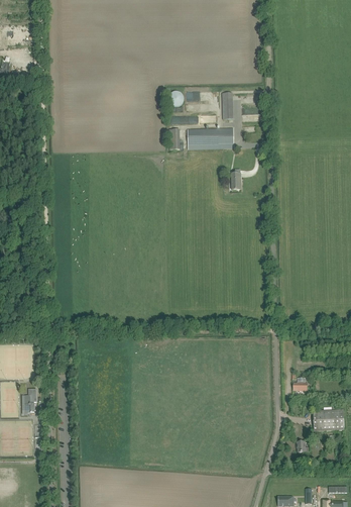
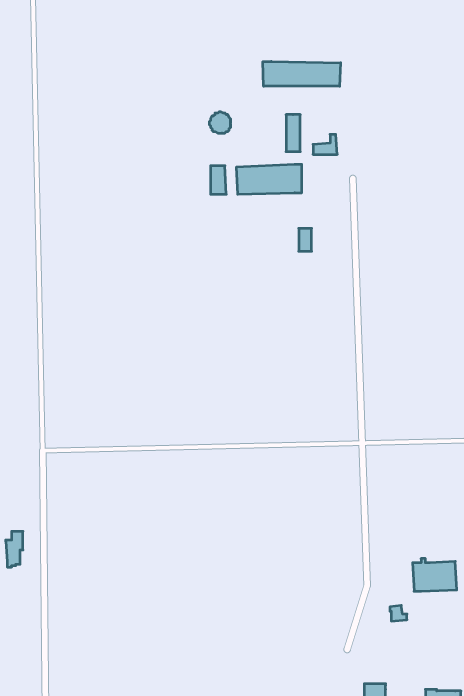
building: none -> [263,61,341,86]

